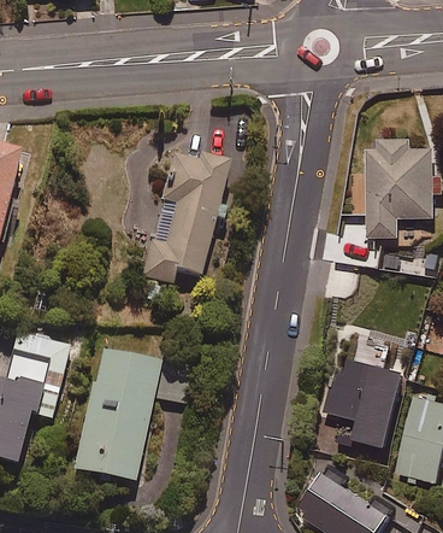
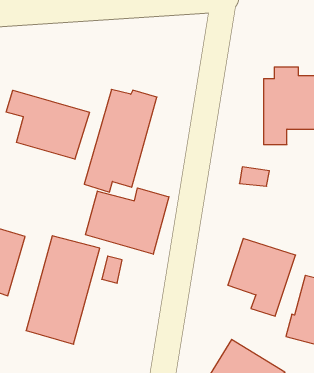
building: none -> [6,90,90,159]
building: none -> [86,188,169,254]

